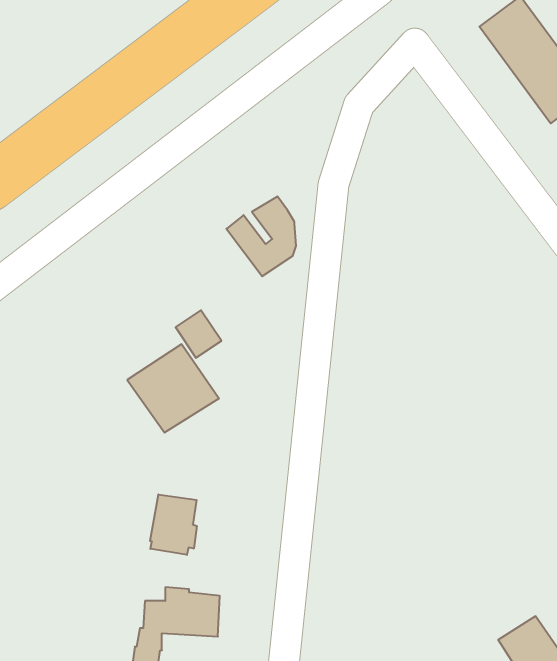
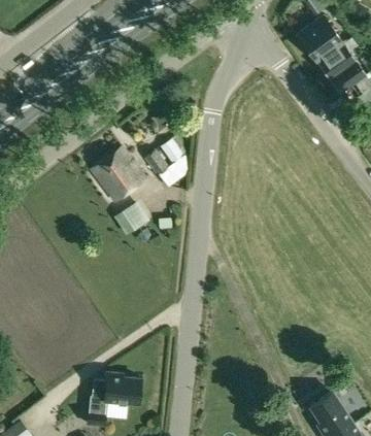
building: [127,344,219,433] -> [91,147,146,201]
building: [150,494,197,555] -> none

